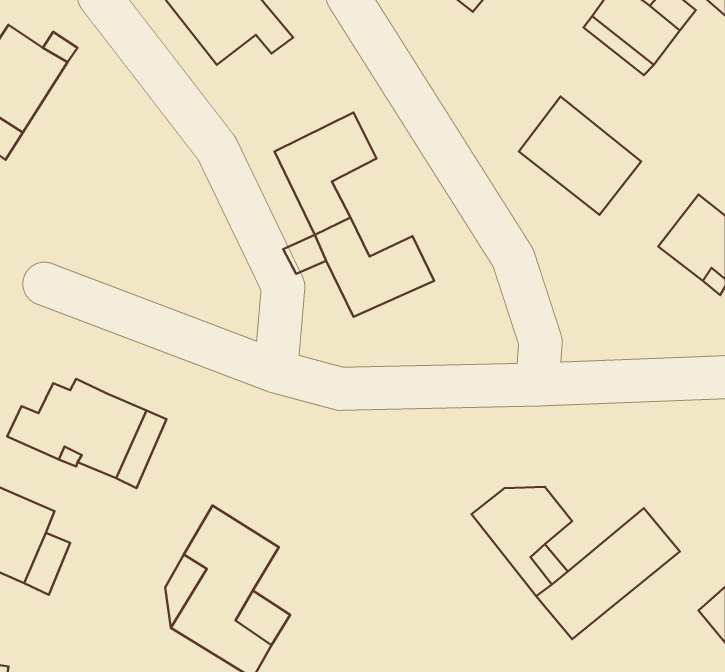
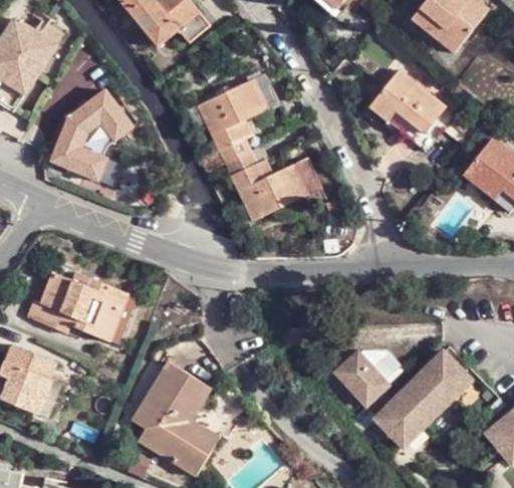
building: none -> [49,90,132,181]

